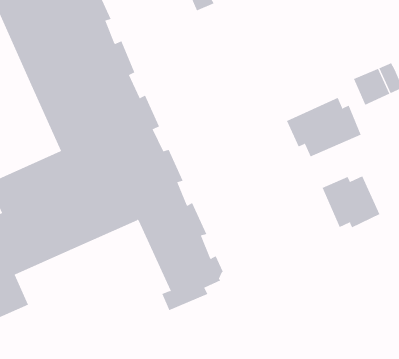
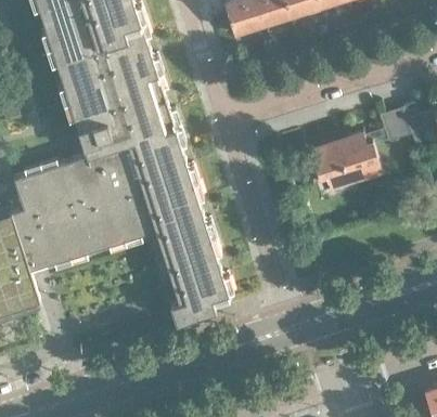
building: [322,176,380,228] -> none

